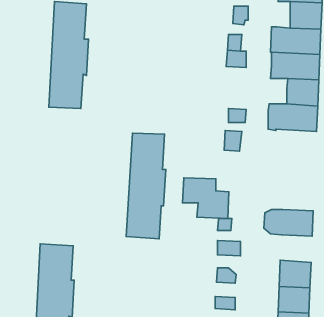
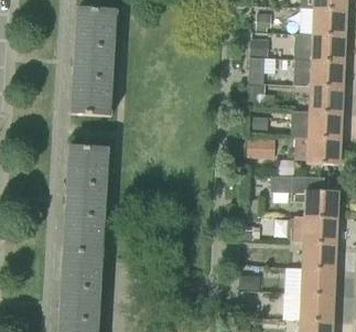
building: none -> [300,136,341,164]
building: [126,133,166,239] -> [64,147,104,253]
building: [183,178,229,218] -> [292,176,338,217]
building: none -> [304,242,336,269]

